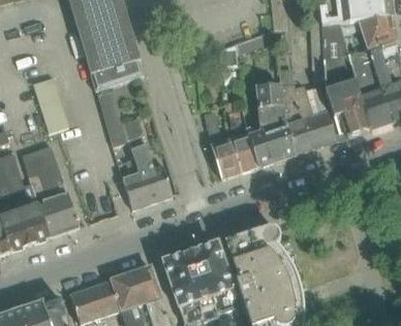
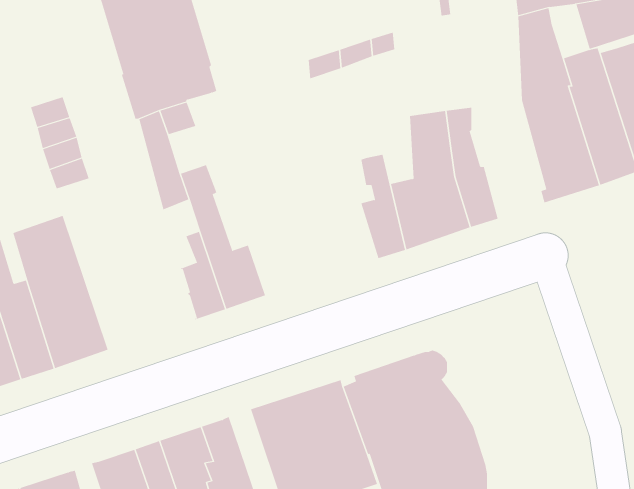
building: [294,80,337,148] -> none
building: [204,109,239,177] -> none

